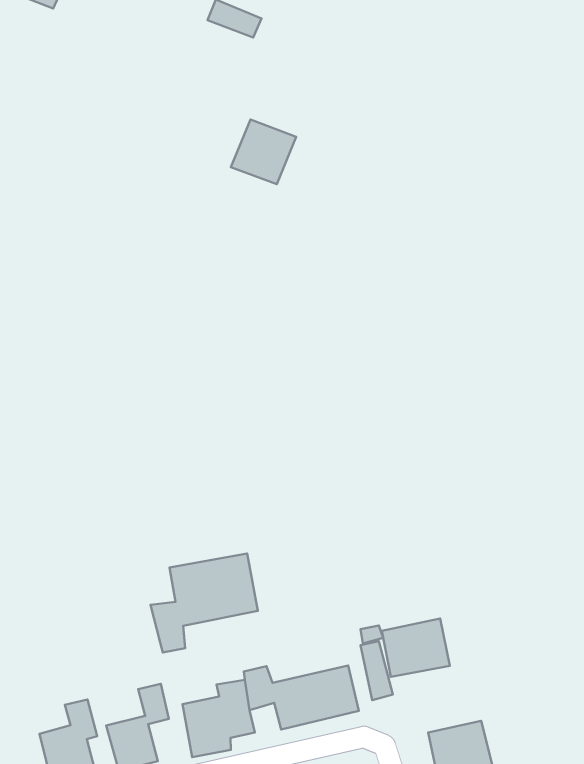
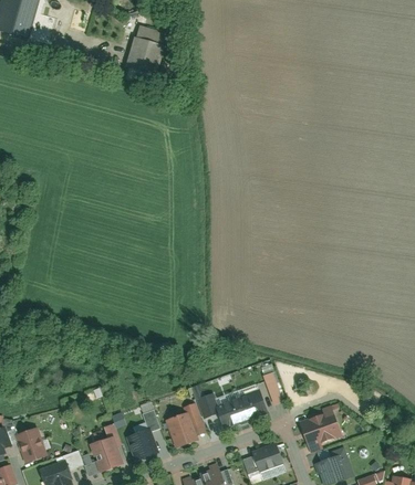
building: [231,119,296,184] -> [128,39,163,73]
building: [150,553,258,652] -> none
building: [382,619,450,677] -> none

